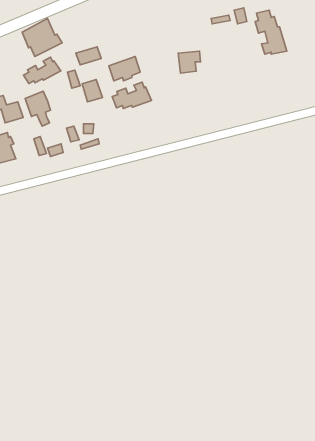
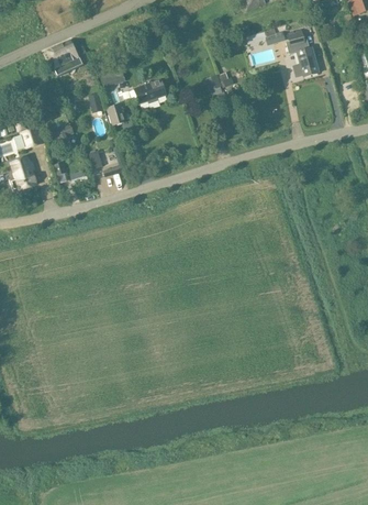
building: [24,57,61,84] -> none
building: [112,82,152,108] -> none

